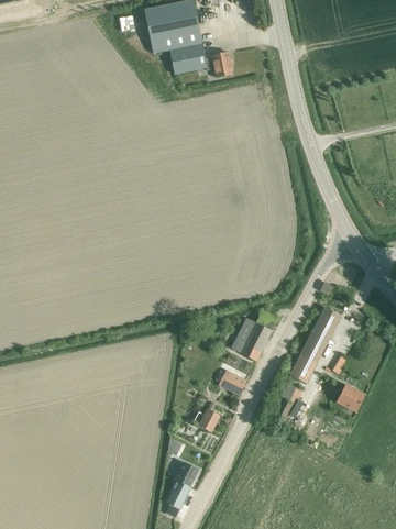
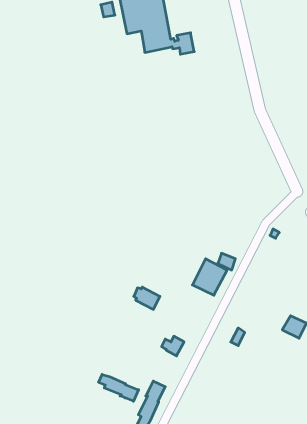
building: [287,306,341,387] -> none
building: [216,368,246,395] -> [134,287,160,309]
building: none -> [99,374,139,401]

